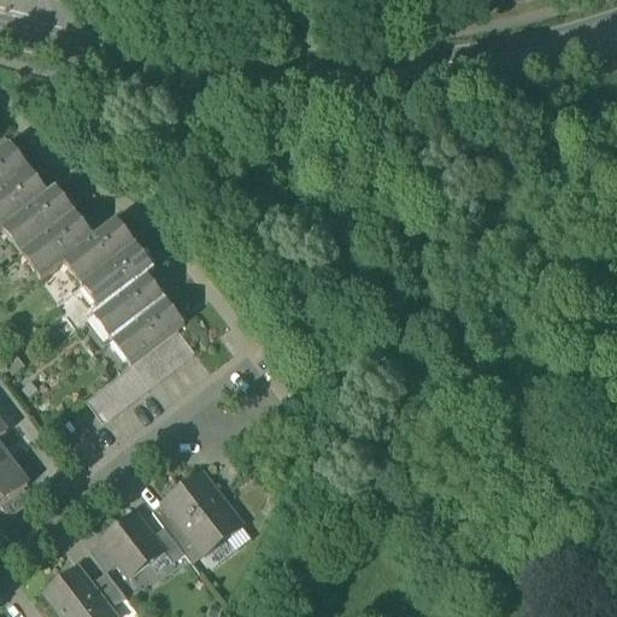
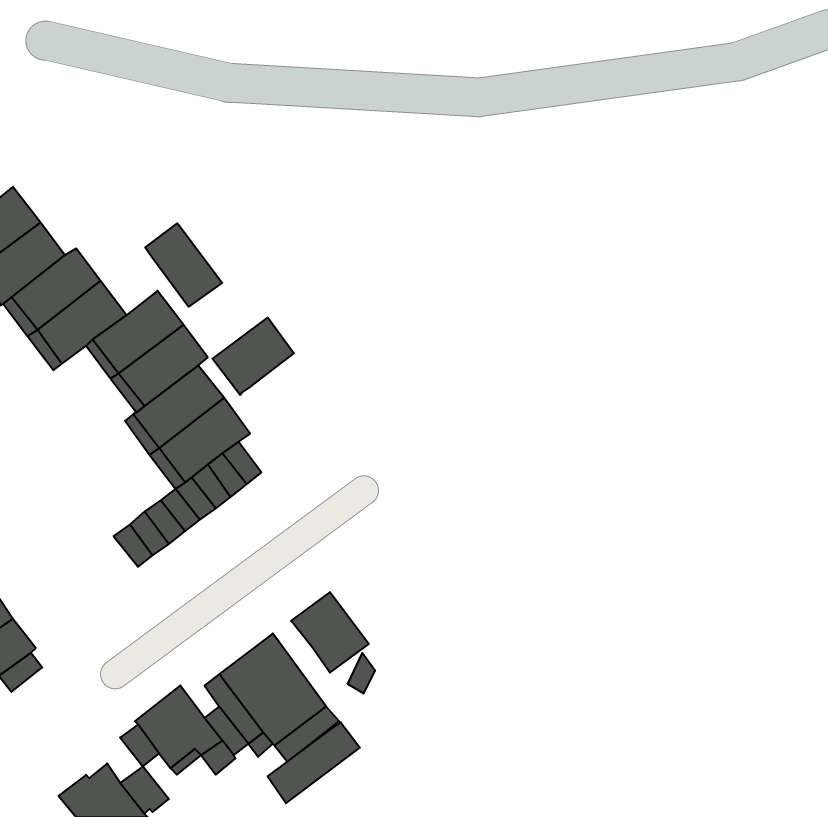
building: none -> [145,223,222,307]
building: none -> [212,318,294,395]
building: none -> [291,592,369,673]
building: none -> [268,722,360,803]

